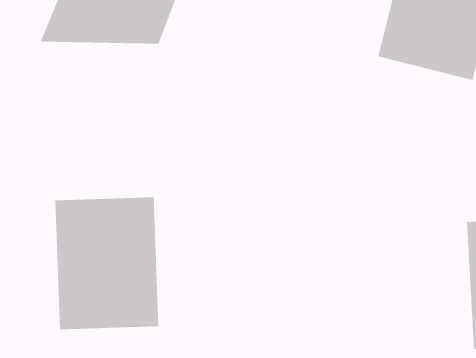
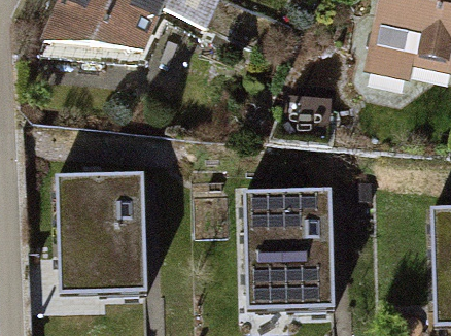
building: none -> [246,191,339,310]

